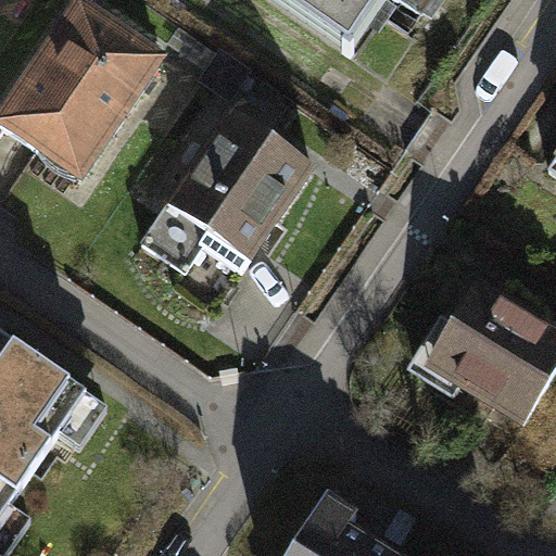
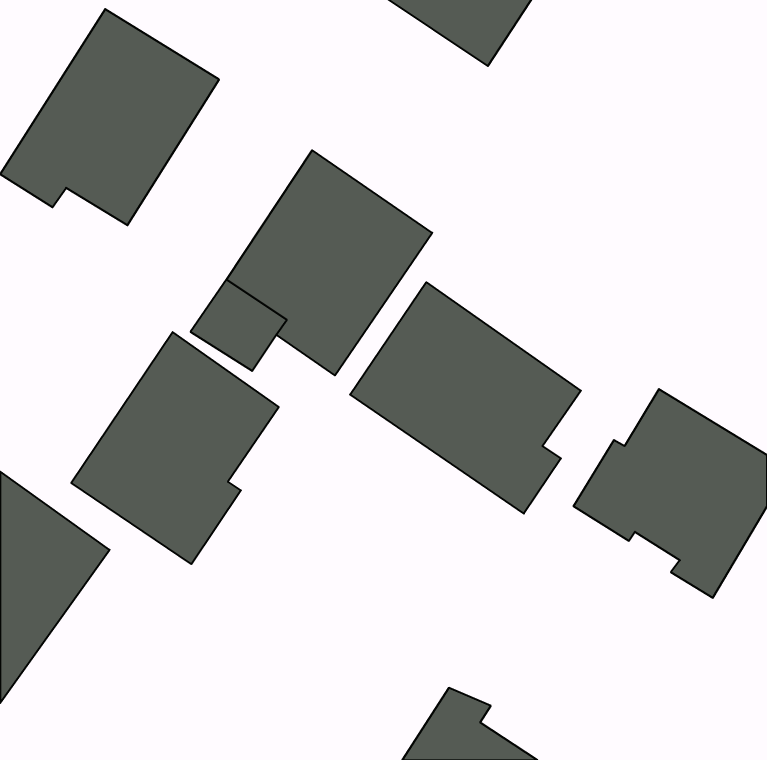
building: none -> [350,282,581,514]
building: none -> [71,332,279,564]

